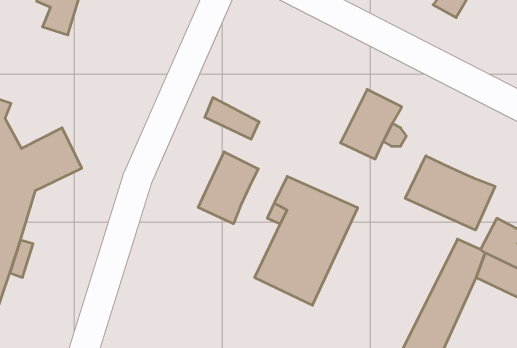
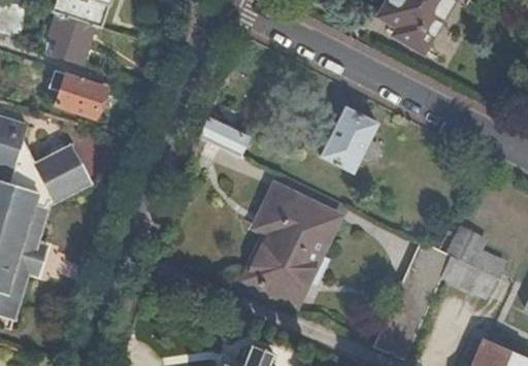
building: none -> [47,69,103,113]
building: [198,152,258,224] -> none
building: [405,156,495,230] -> none

